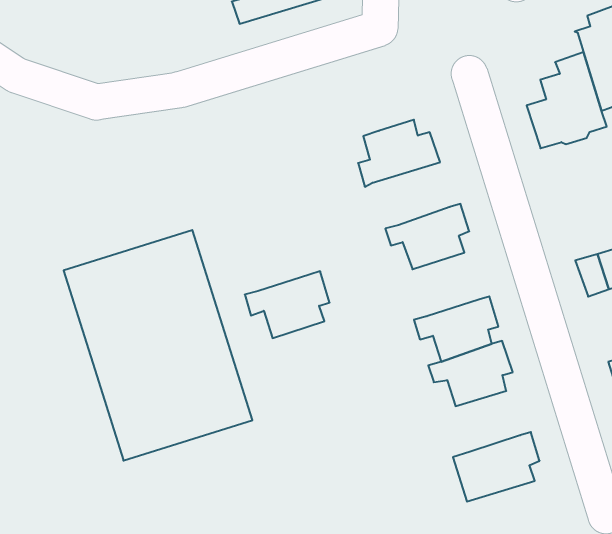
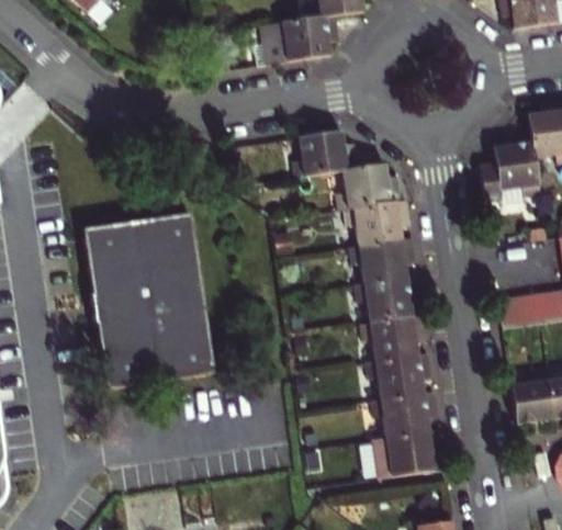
building: none -> [292,129,357,176]
building: none -> [345,199,411,245]
building: [245,271,330,338] -> [355,274,422,322]
building: none -> [372,390,437,436]

